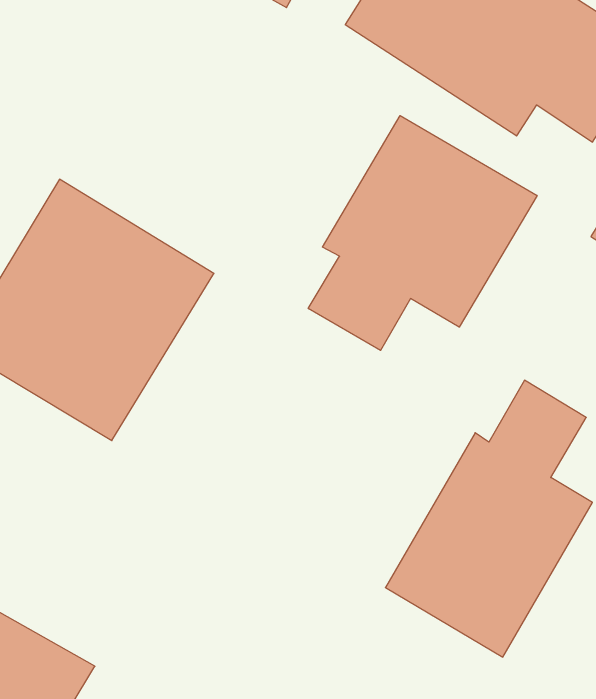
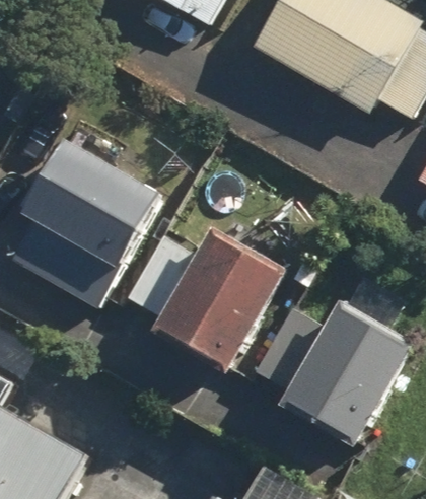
building: [308,116,537,350] -> none
building: none -> [149,228,287,377]

